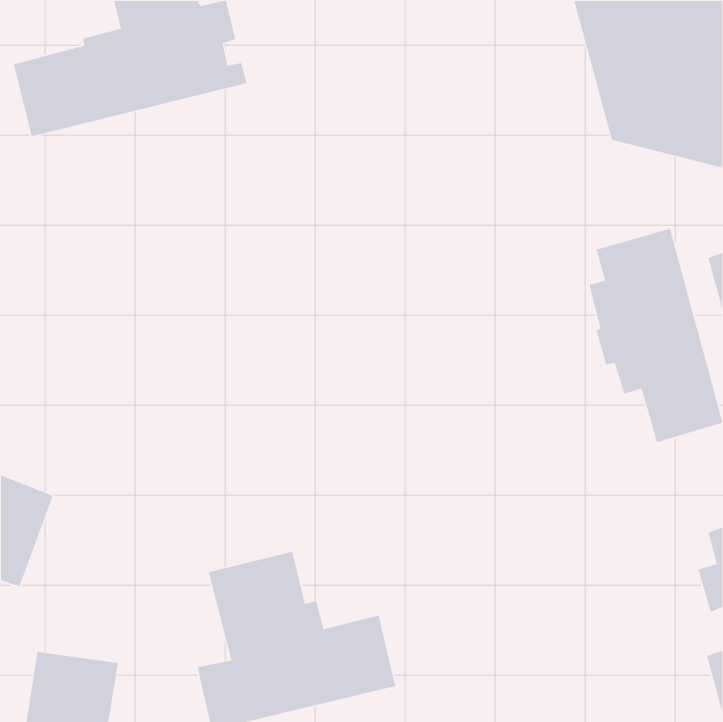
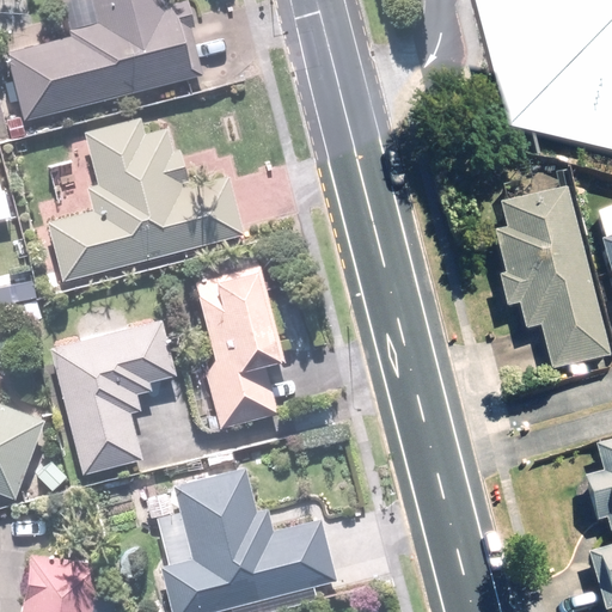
building: none -> [43,117,244,281]
building: none -> [197,270,282,427]
building: none -> [50,318,178,471]

